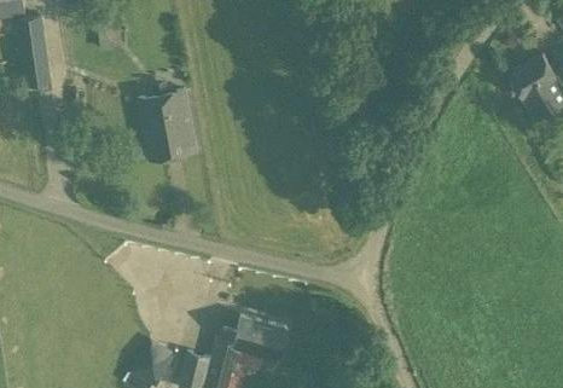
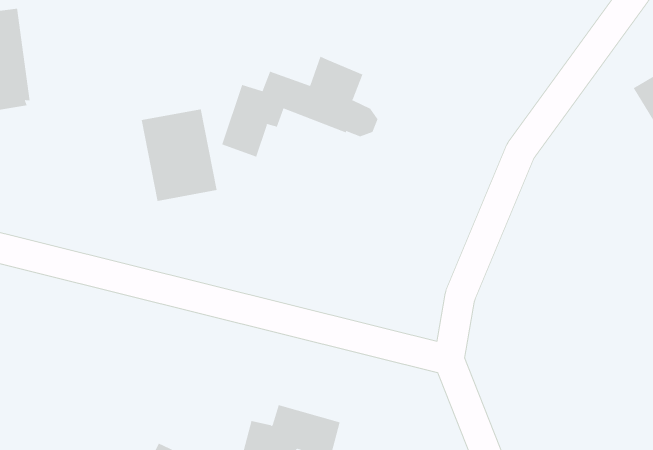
building: none -> [221,56,378,158]

